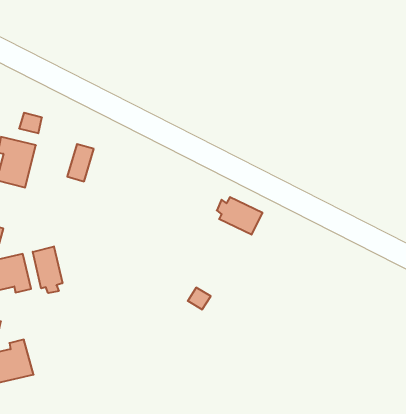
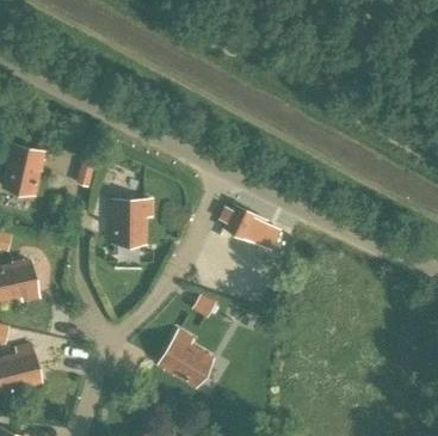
building: none -> [113,199,149,244]
building: [33,246,62,293] -> none
building: none -> [161,336,209,385]

